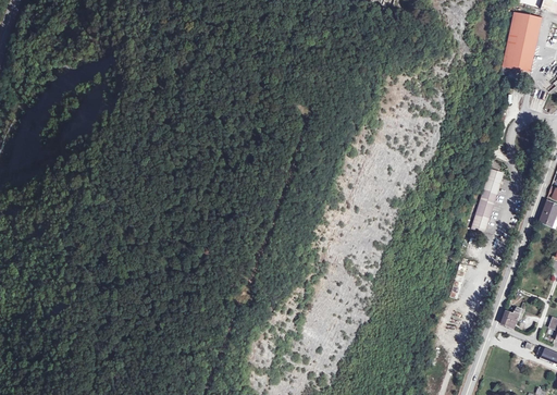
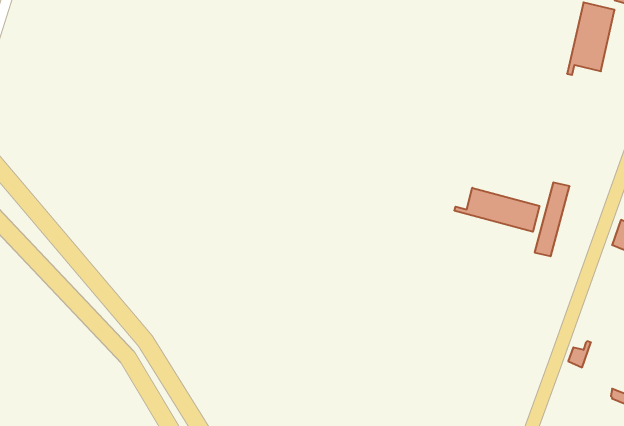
building: none -> [455,188,539,232]

